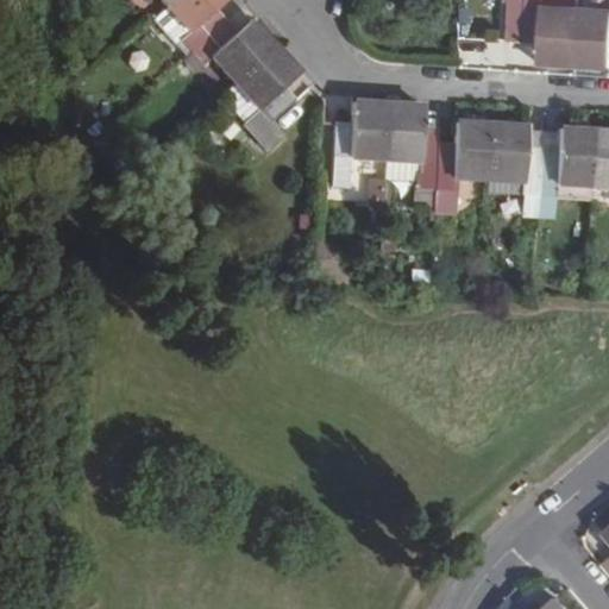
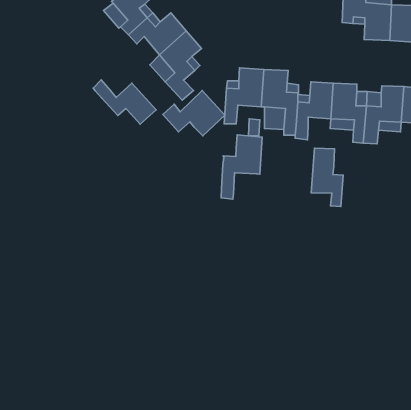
building: none -> [93,80,156,124]
building: none -> [163,90,225,136]
building: none -> [221,135,262,199]
building: none -> [311,148,343,206]

